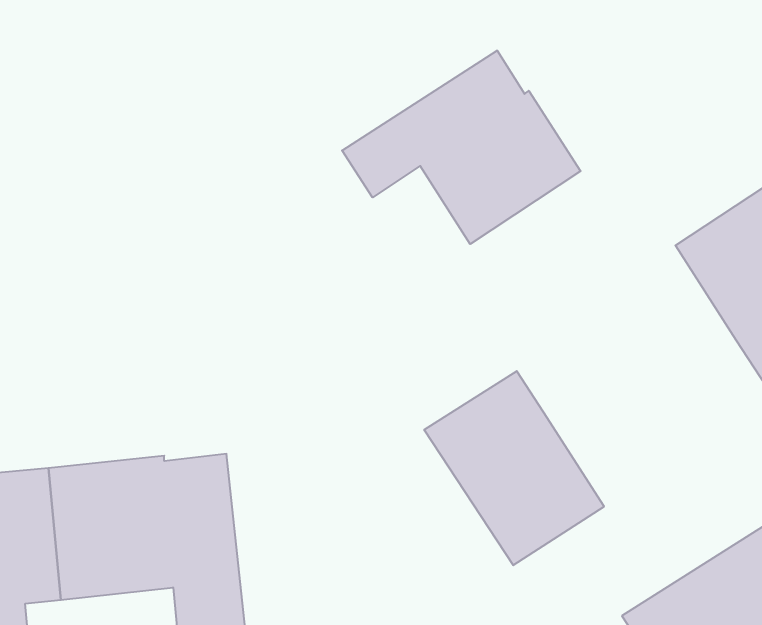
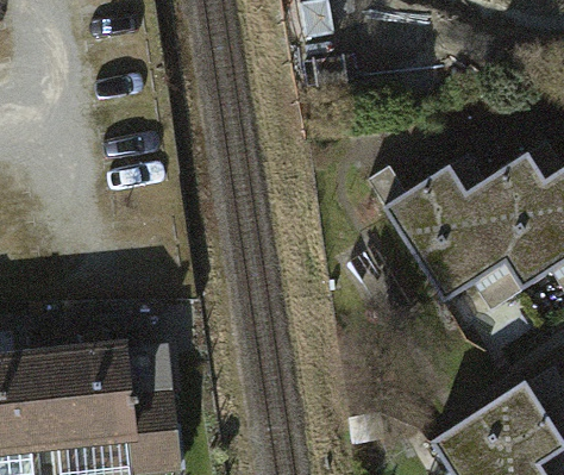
building: [342,50,581,244] -> none
building: [424,371,604,565] -> [388,171,508,301]

